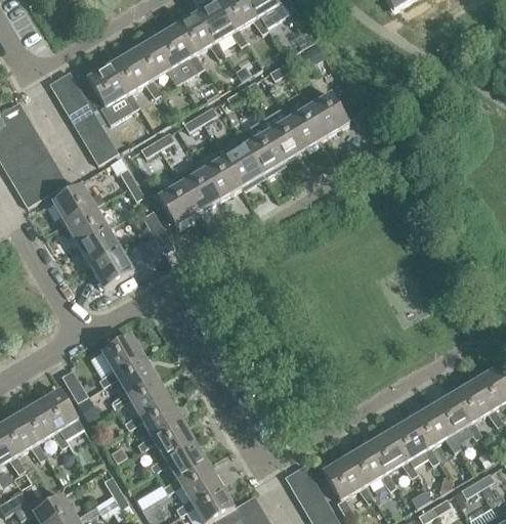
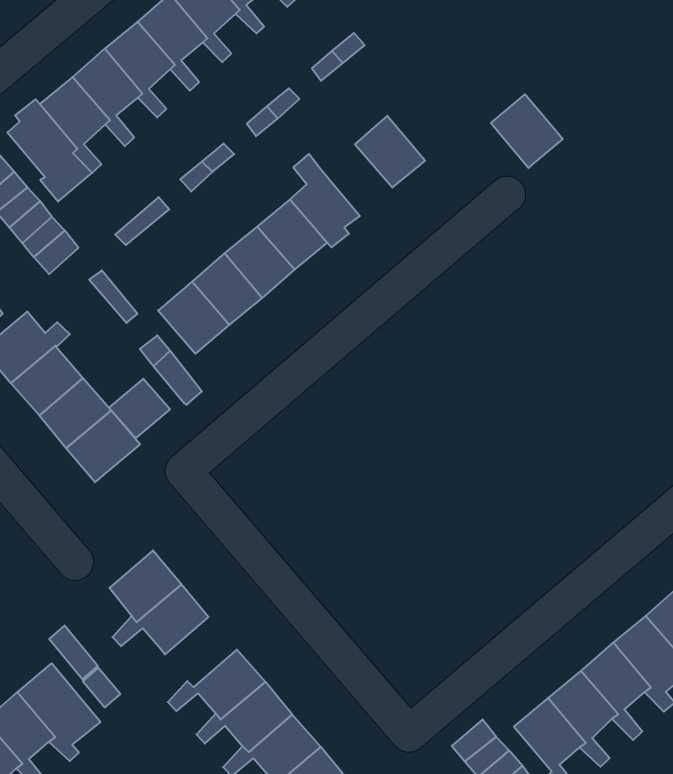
building: [308,92,348,135] -> [491,94,563,168]
building: [265,119,304,161] -> none
building: none -> [109,379,170,438]
building: [112,378,169,417] -> none

